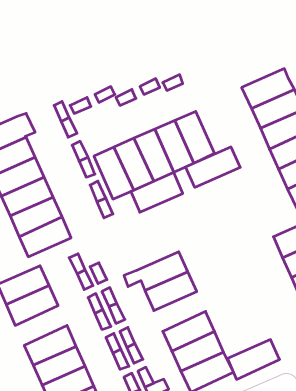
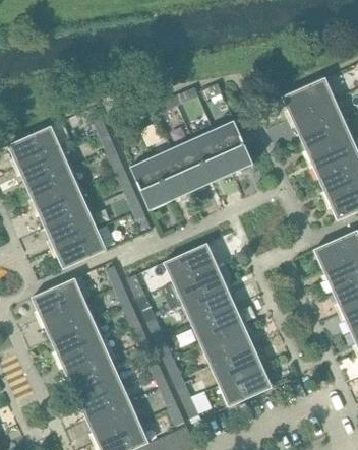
building: [185,147,240,187] -> none
building: [131,172,183,212] -> [164,242,217,282]
building: none -> [50,318,103,359]
building: [228,340,280,379] -> [191,304,244,344]

